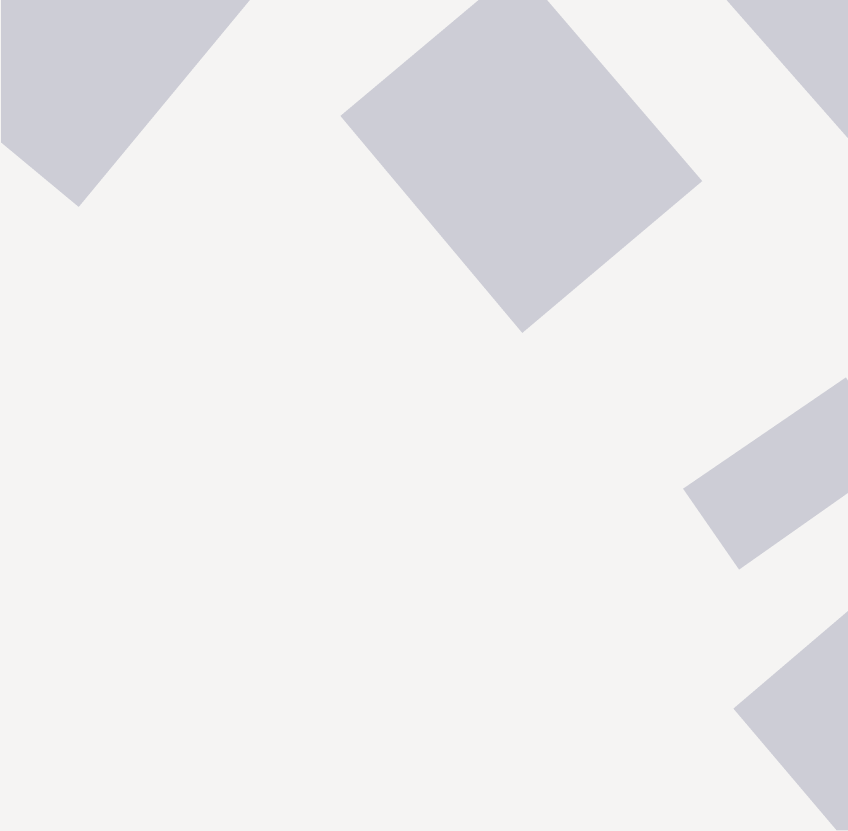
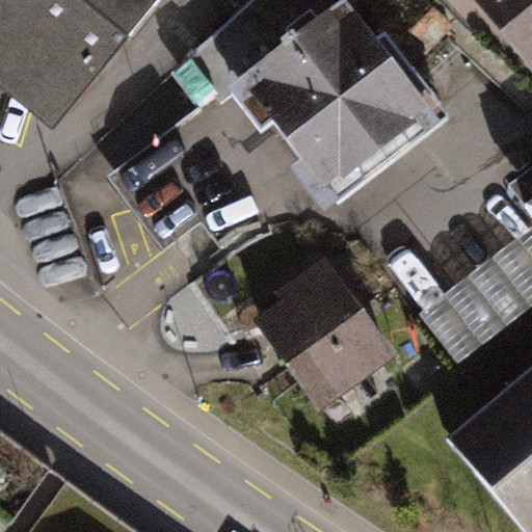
building: none -> [245,250,387,401]

